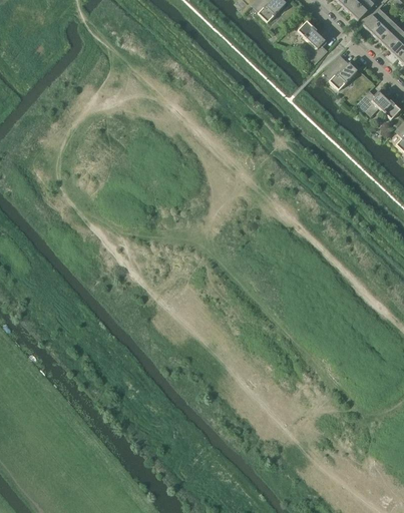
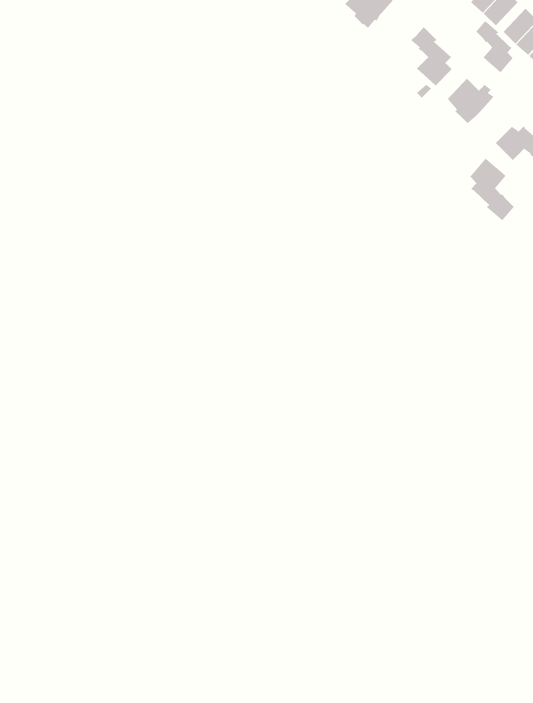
building: none -> [476,20,514,74]
building: none -> [469,157,514,221]

